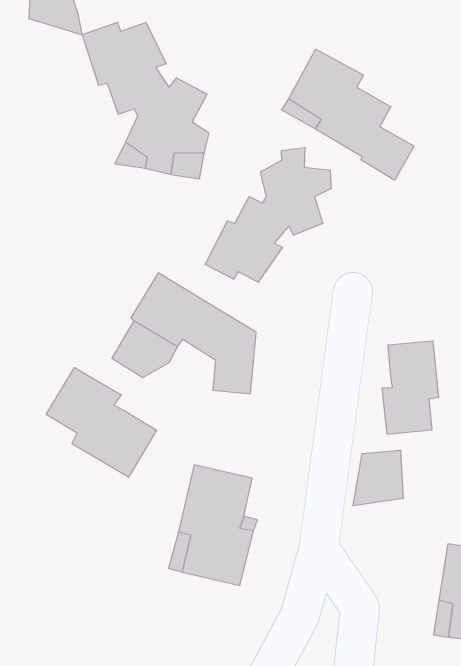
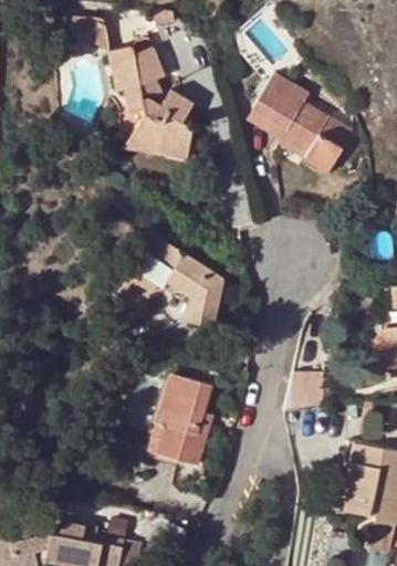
building: [205,147,331,282] -> none
building: [382,341,438,434] -> none
building: [46,367,157,477] -> none

